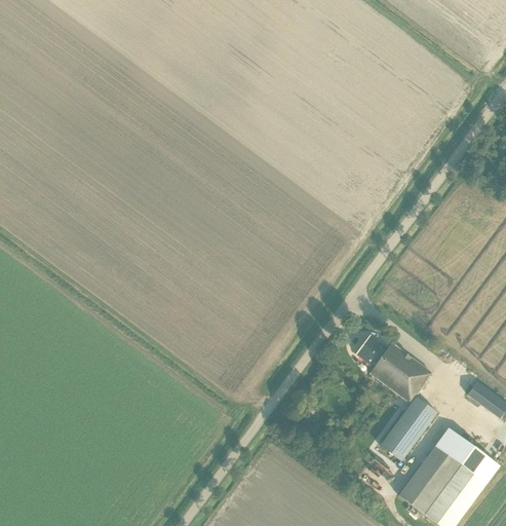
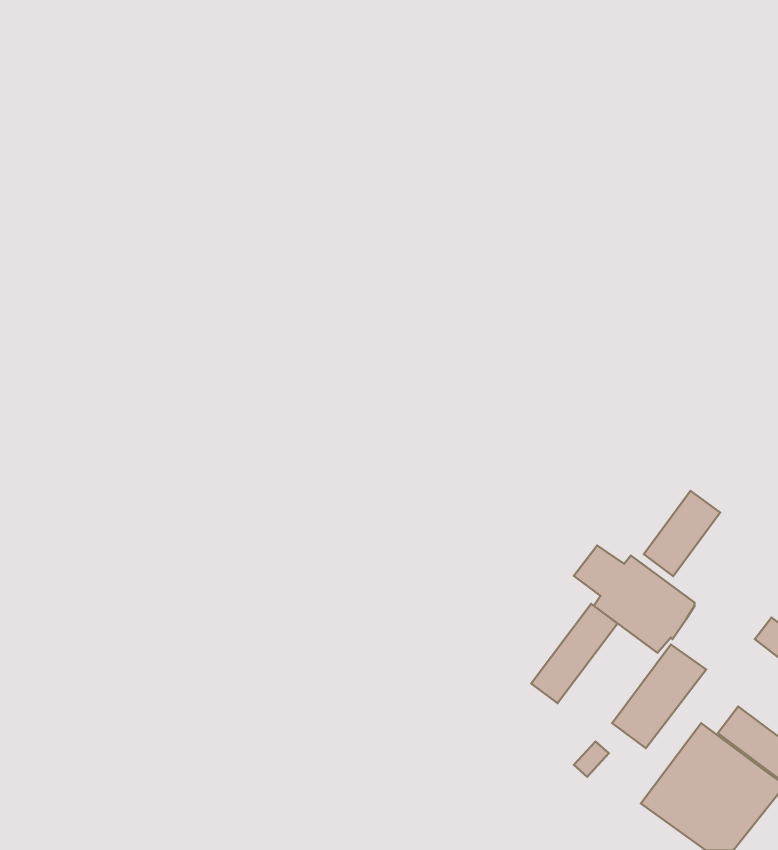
building: none -> [644,491,720,576]
building: none -> [531,604,617,703]

